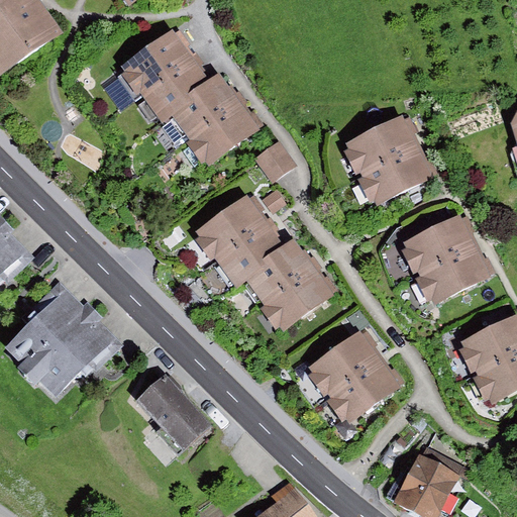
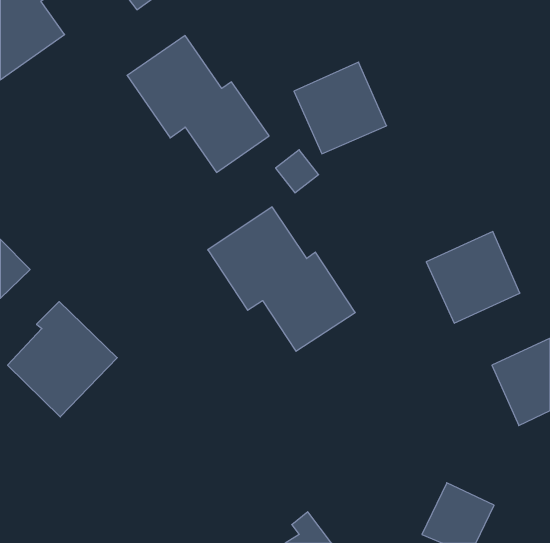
building: [345,119,432,205] -> [294,62,387,154]
building: [306,329,395,419] -> none
building: [136,372,209,447] -> none

